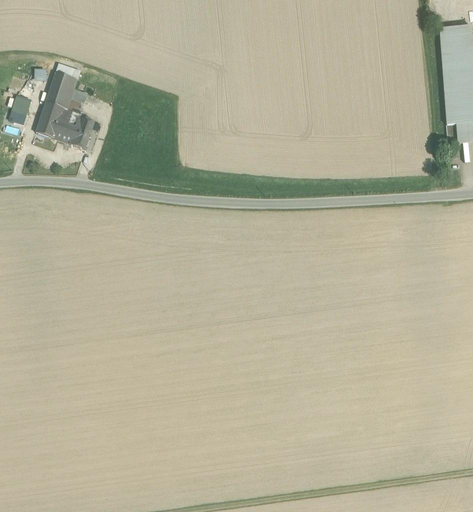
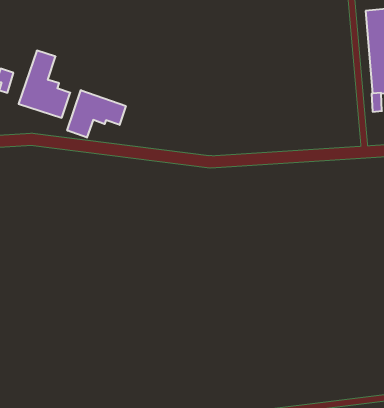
building: none -> [67,90,126,138]

